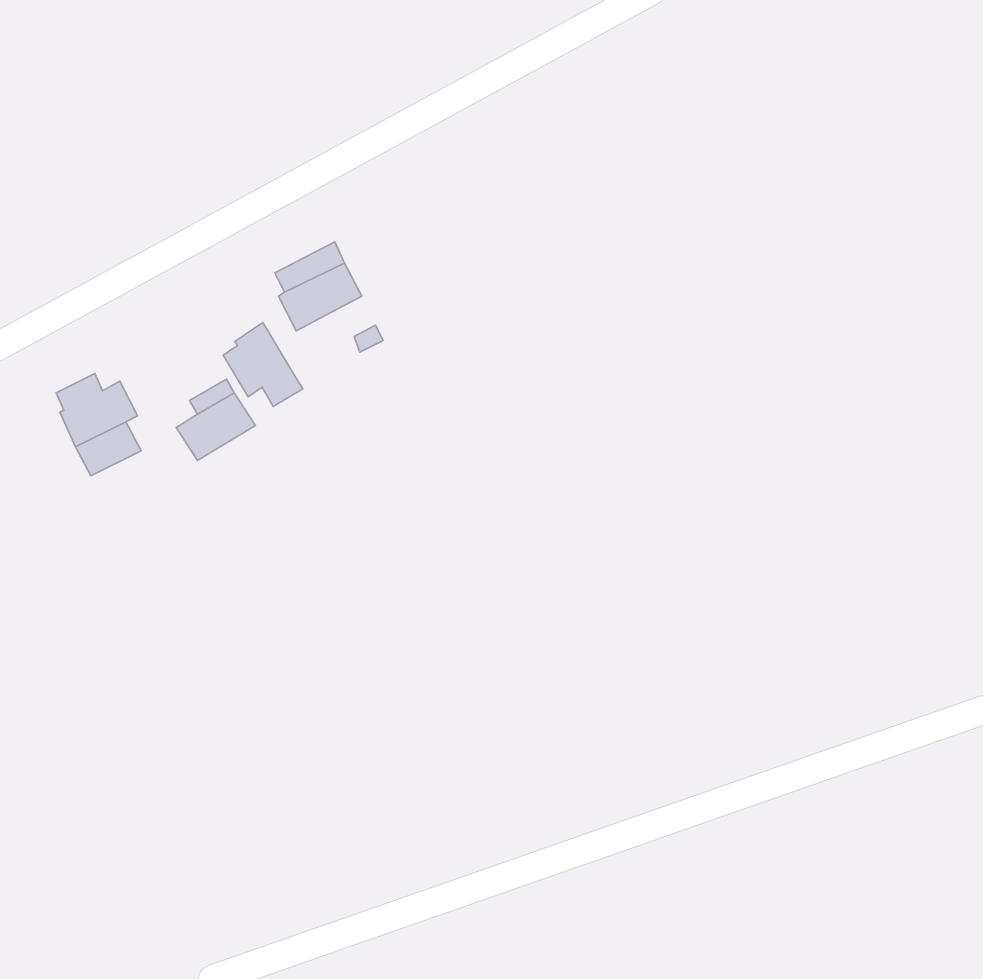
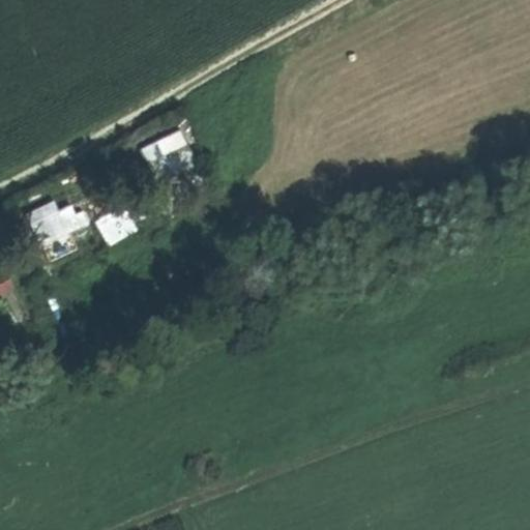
building: [223,322,303,407] -> none

